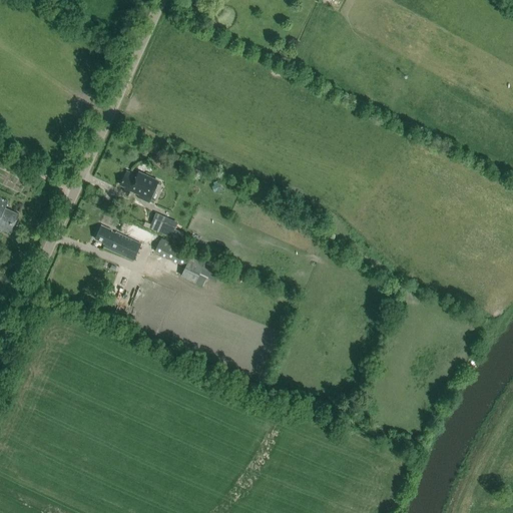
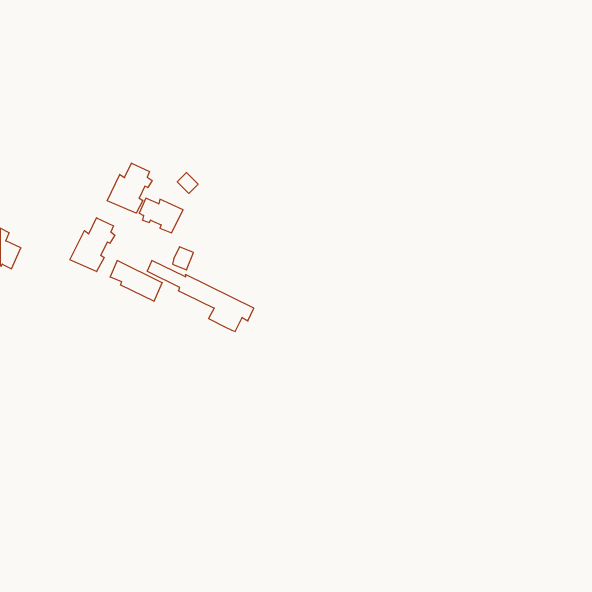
building: none -> [107,163,152,213]
building: none -> [70,218,115,272]

